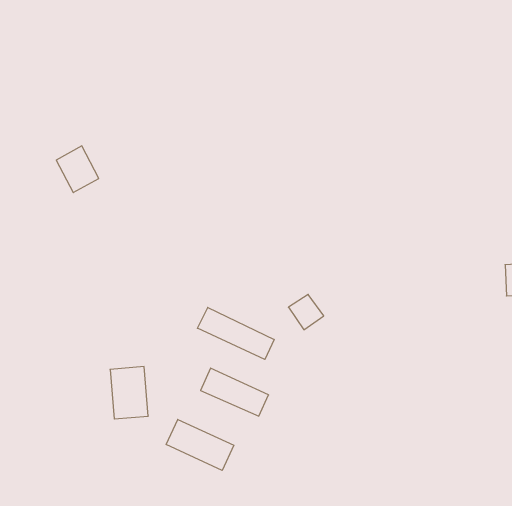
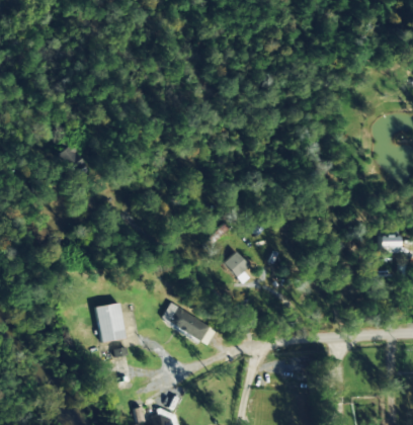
building: [197,307,274,359] -> none
building: [166,419,234,470] -> none

